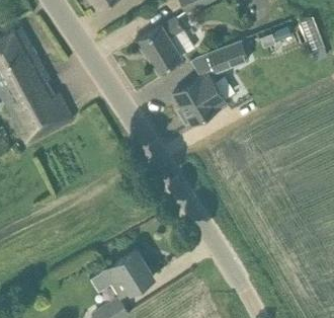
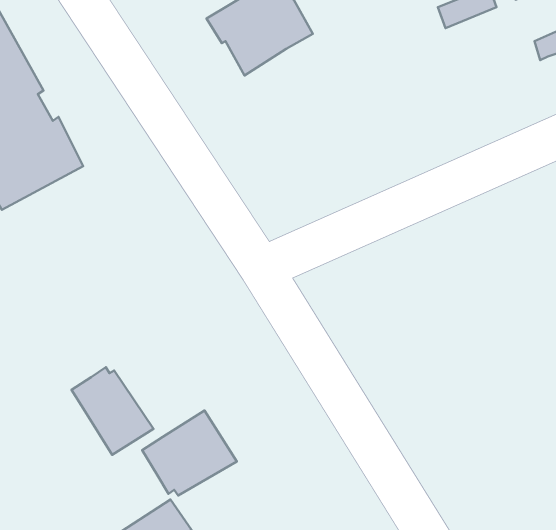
building: [172,39,248,125] -> none
building: none -> [72,367,153,455]

